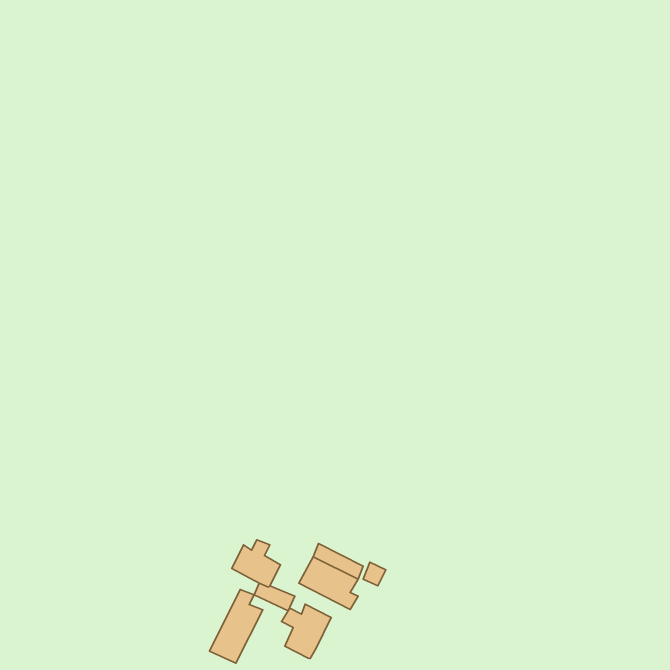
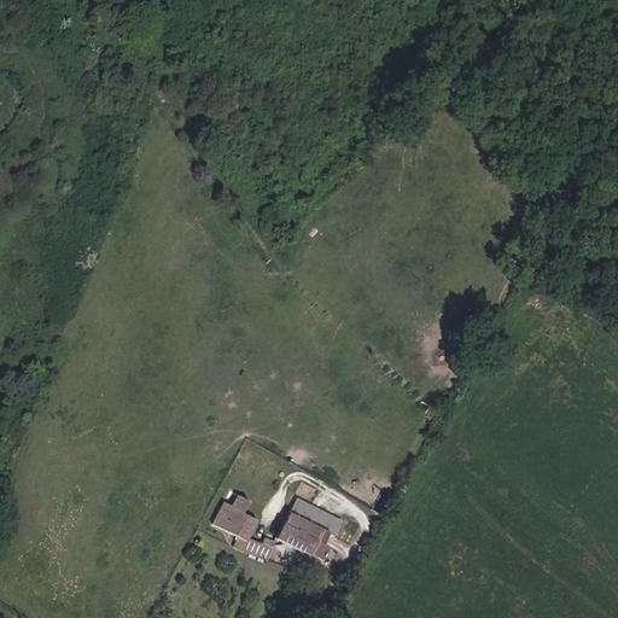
building: [210,589,263,663] -> none
building: [281,604,331,658] -> none

